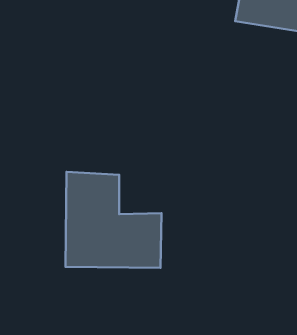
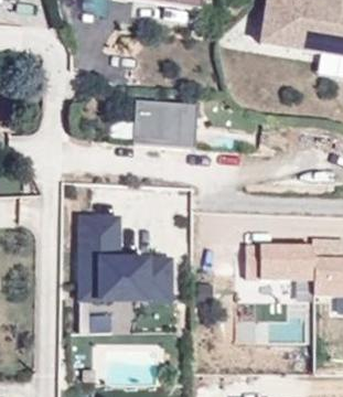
building: none -> [133,92,199,132]
building: none -> [242,243,324,285]

